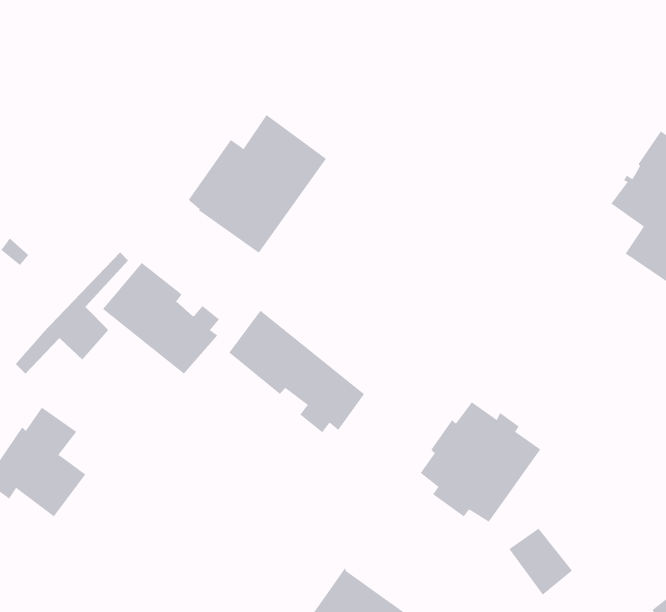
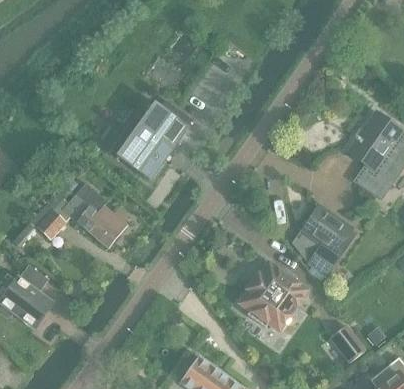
building: none -> [292,204,352,275]
building: [229,310,365,433] -> none
building: [509,528,573,596] -> [330,324,366,362]

